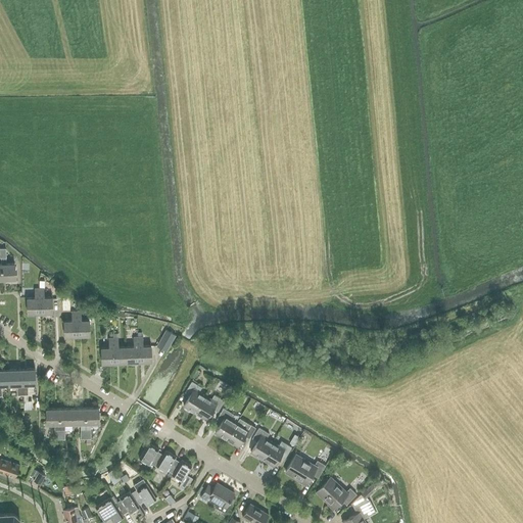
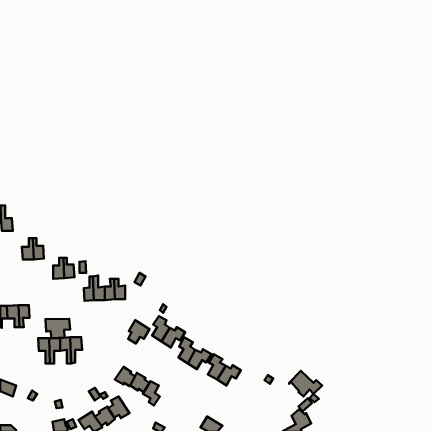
building: none -> [46,319,70,338]
building: none -> [128,320,149,344]
building: [285,456,325,485] -> none
building: [317,478,356,509] -> [289,371,322,396]
building: [201,484,234,514] -> none

